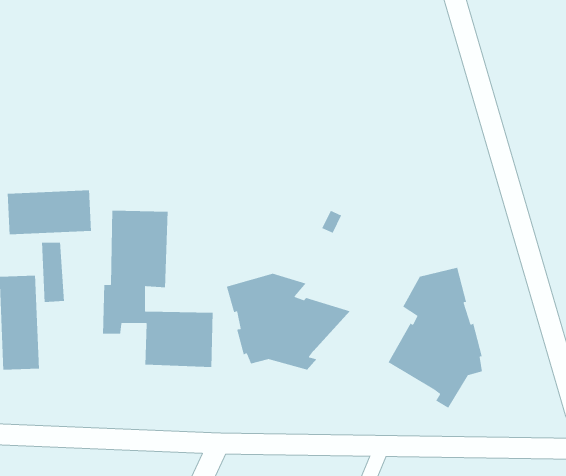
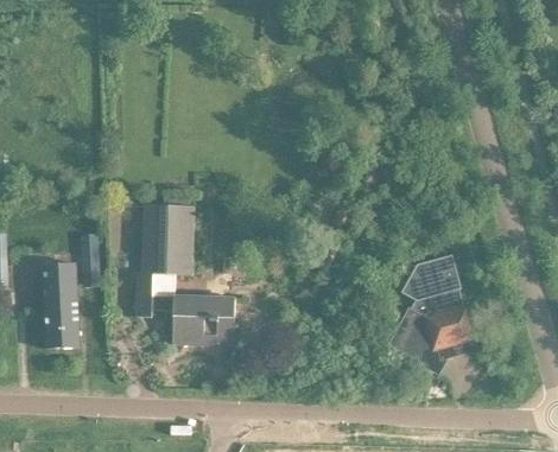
building: [7,190,92,235] -> none
building: [226,273,351,370] -> none

